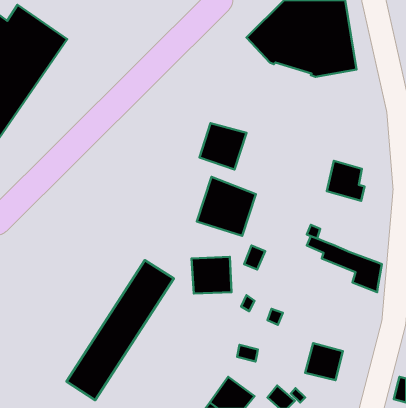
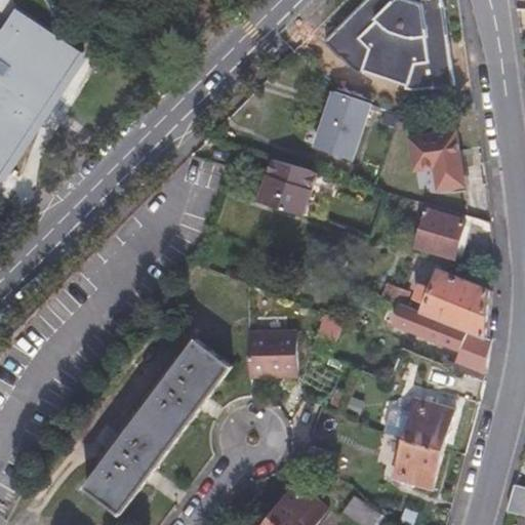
building: none -> [308,91,360,158]
building: none -> [412,131,466,187]
building: [197,177,256,236] -> none
building: none -> [418,274,489,337]
building: none -> [401,400,451,451]

